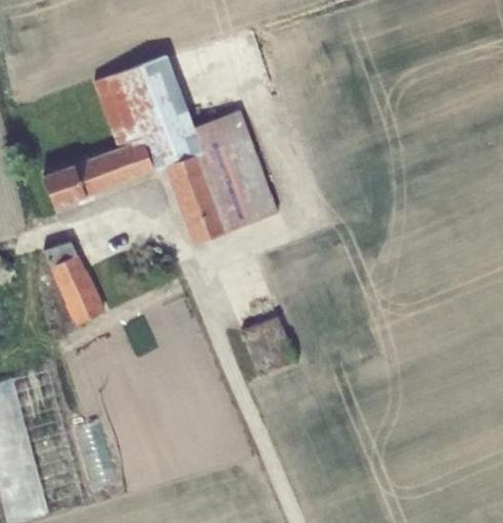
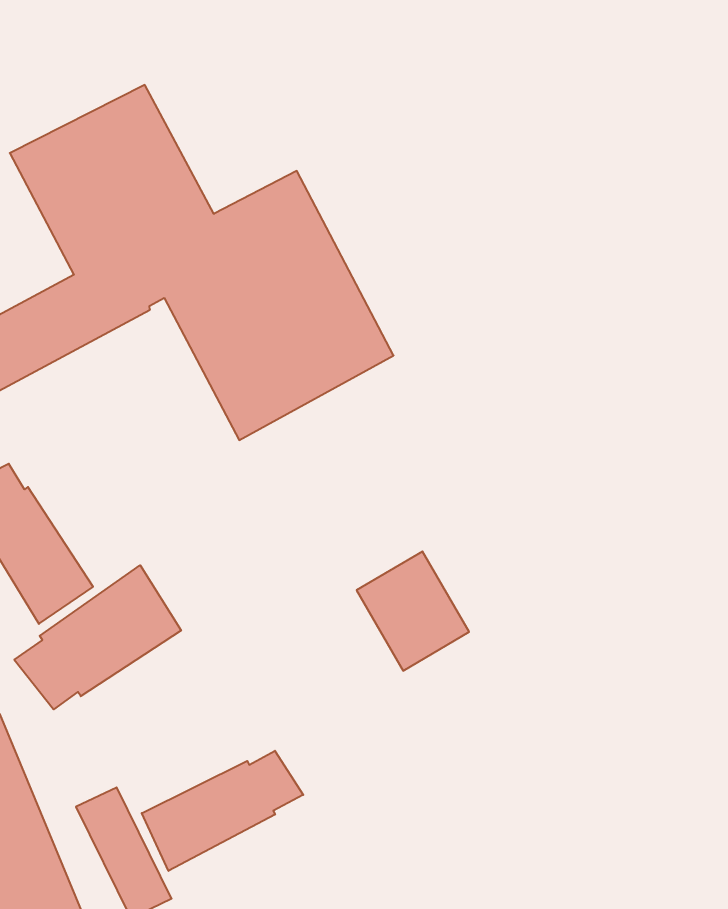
building: none -> [14,565,181,709]
building: none -> [142,751,303,871]

